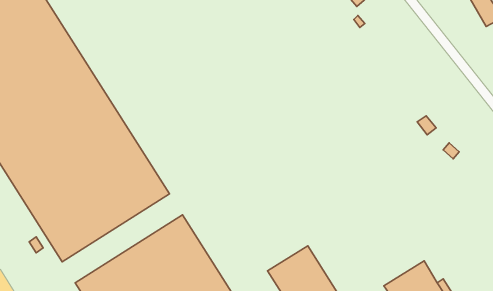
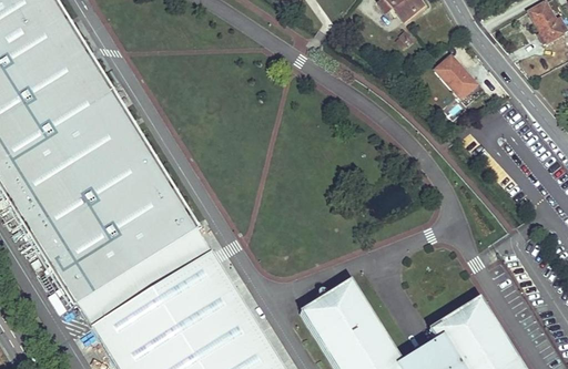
building: none -> [435,55,481,103]
building: none -> [77,227,210,326]

